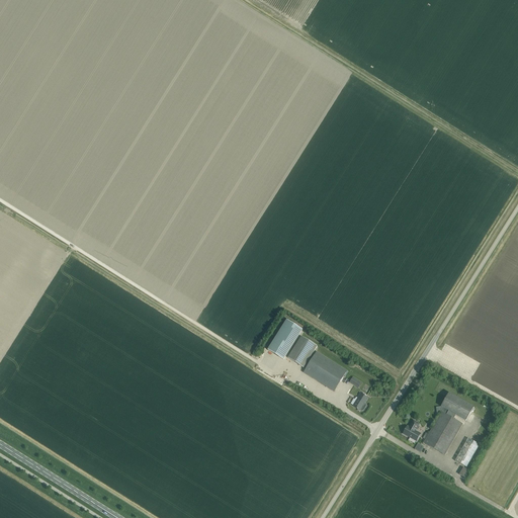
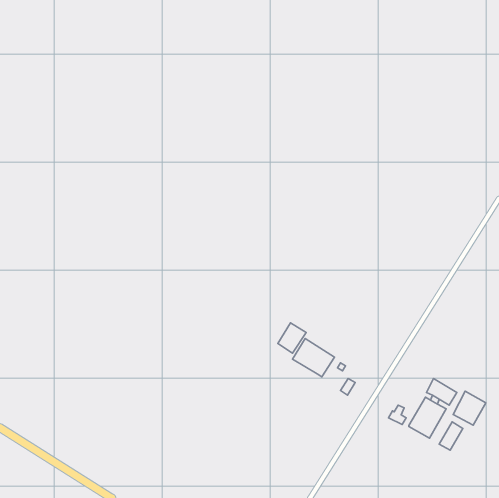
building: [267,319,301,358] -> none
building: none -> [453,391,486,425]

